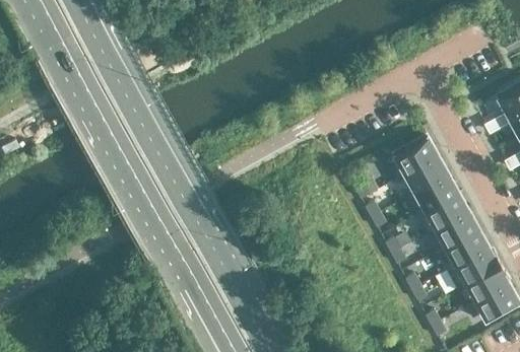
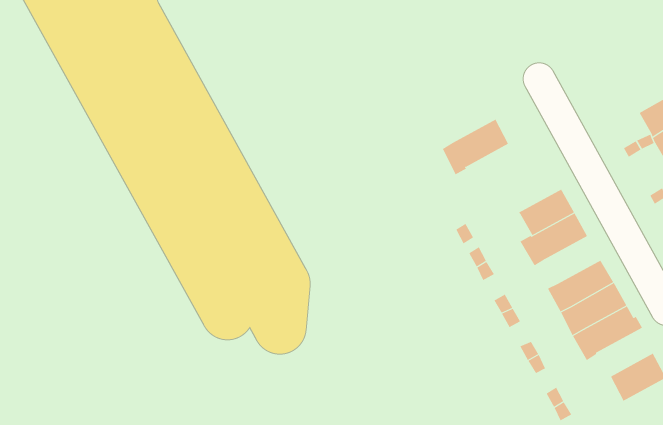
building: [387,137,439,181] -> [442,119,509,175]
building: [417,193,469,233] -> none
building: [466,264,510,301] -> none

